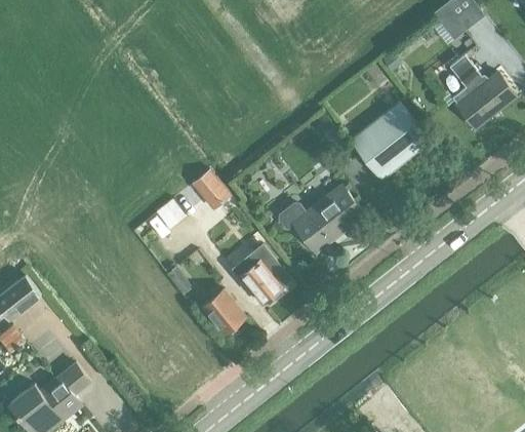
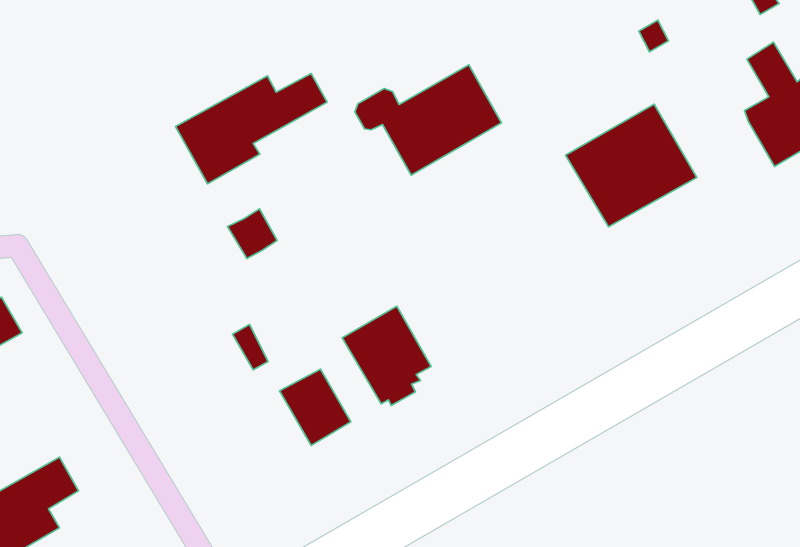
building: none -> [176,74,327,184]
building: [193,170,230,209] -> none
building: [277,184,365,254] -> [355,65,502,175]

